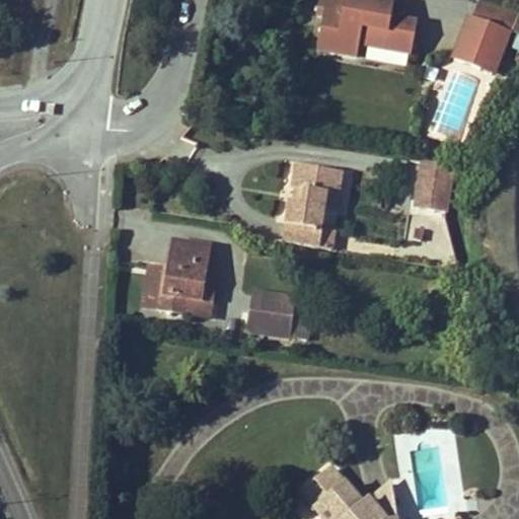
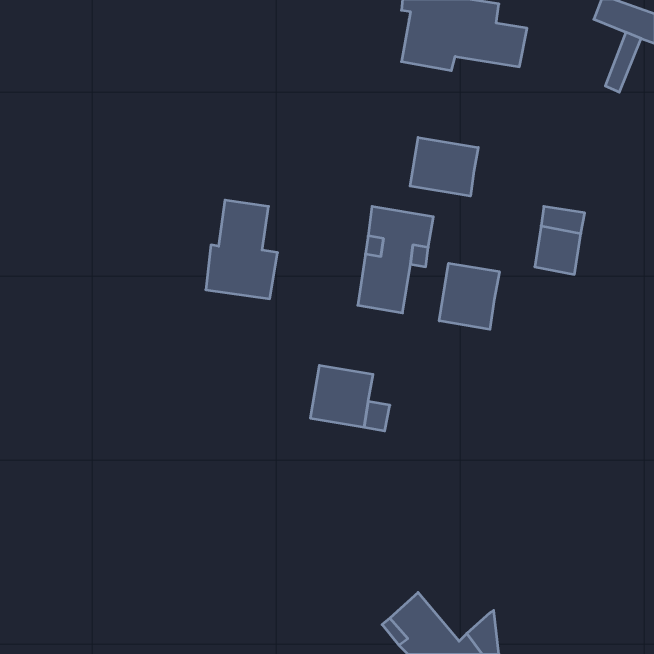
building: [453,15,496,68] -> none
building: none -> [410,137,478,196]
building: none -> [439,263,499,329]
building: [157,239,214,317] -> [206,200,278,299]

